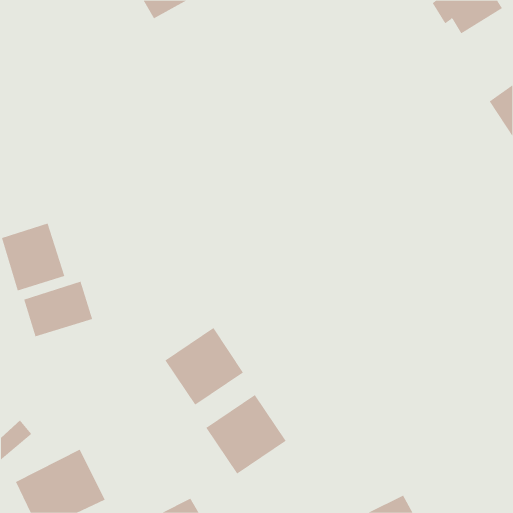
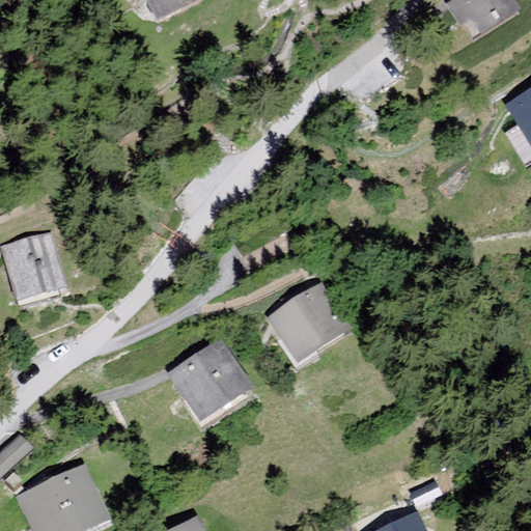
building: none -> [267,283,348,362]
building: [24,281,93,337] -> none
building: [205,394,286,475] -> none

